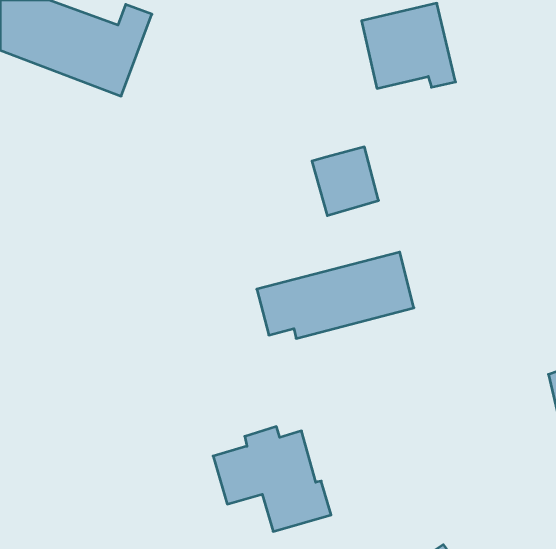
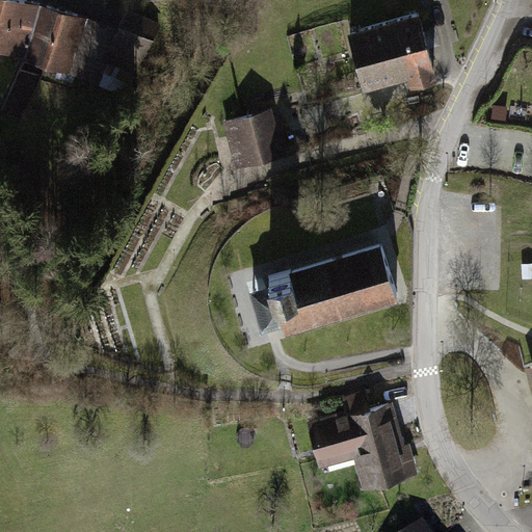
building: [312,147,379,216] -> [222,108,286,174]
building: [213,427,331,531] -> [307,396,419,496]

